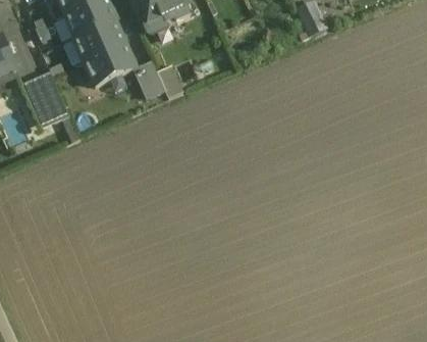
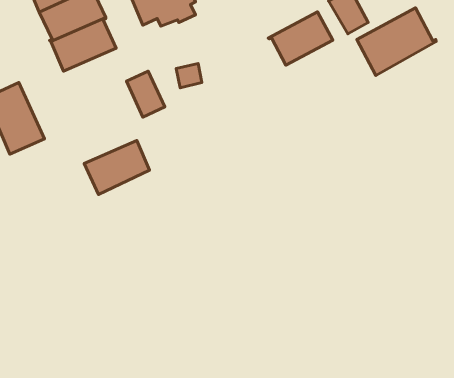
building: none -> [357,8,436,76]
building: none -> [268,12,333,65]
building: [84,44,136,87] -> [84,141,150,194]

